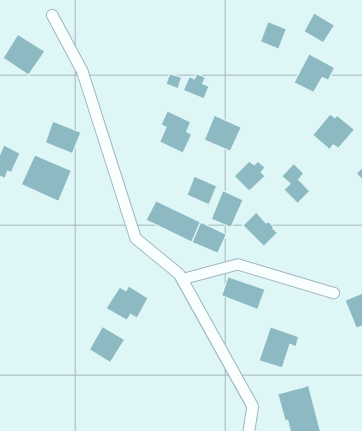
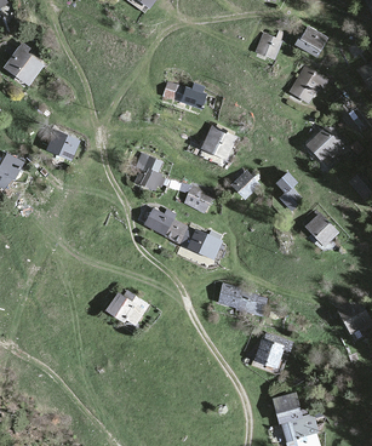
building: [160,111,192,153] -> [132,151,164,193]
building: [21,155,71,202] -> none
building: [211,191,243,227] -> none
building: [243,212,278,247] -> [304,213,338,247]
building: [89,326,125,363] -> none

